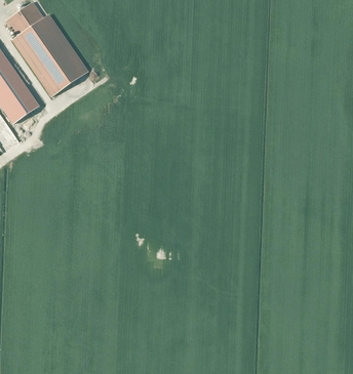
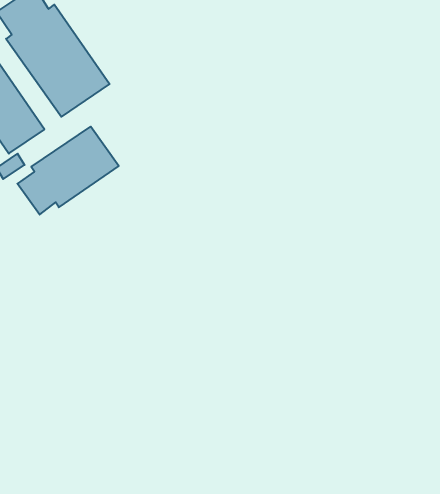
building: none -> [17,127,119,215]

